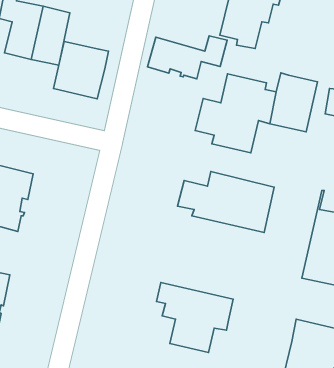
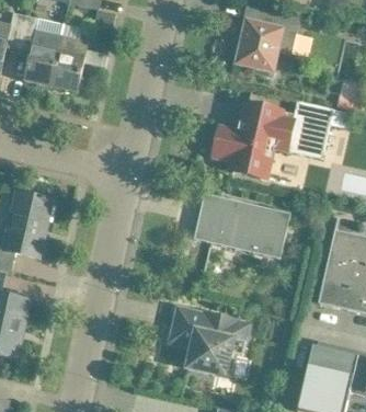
building: [148,36,227,79] -> none
building: [53,42,108,99] -> none

